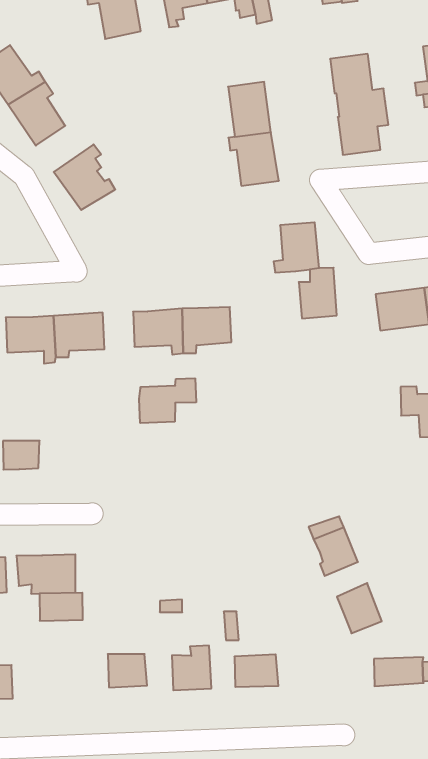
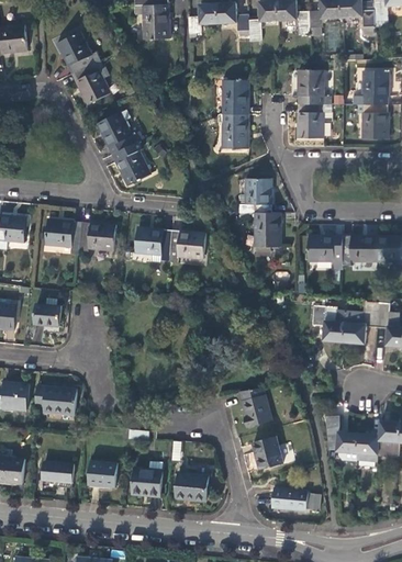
building: none -> [112,142,149,184]
building: [139,378,196,423] -> none
building: [39,593,83,621] -> [42,460,74,482]

